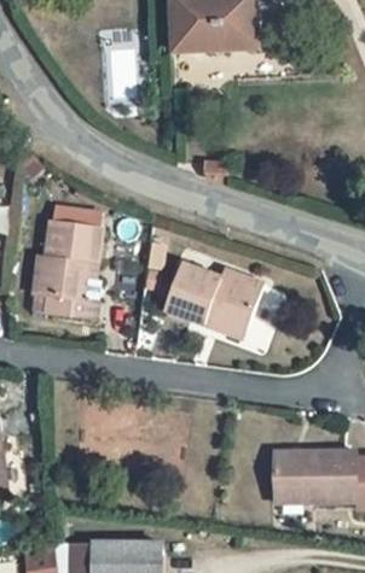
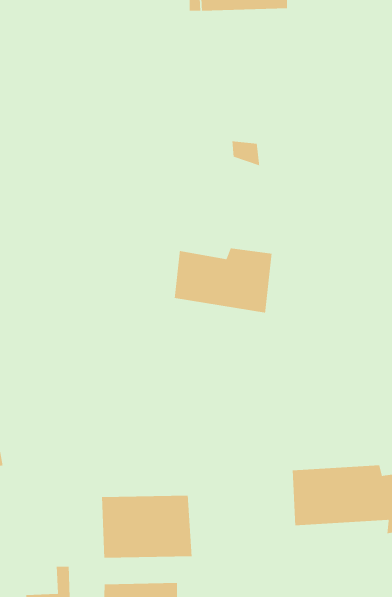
building: [27,218,105,321] -> none
building: none -> [101,495,192,558]

